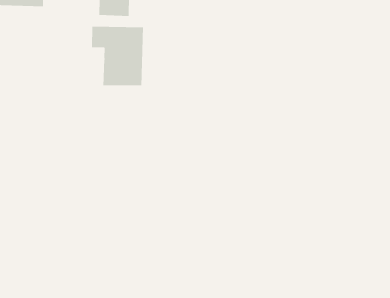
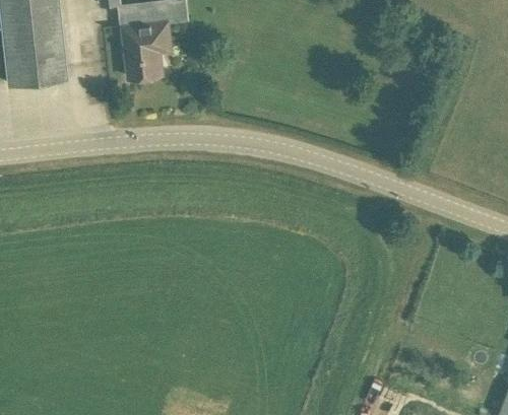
building: [91,26,143,86] -> none

